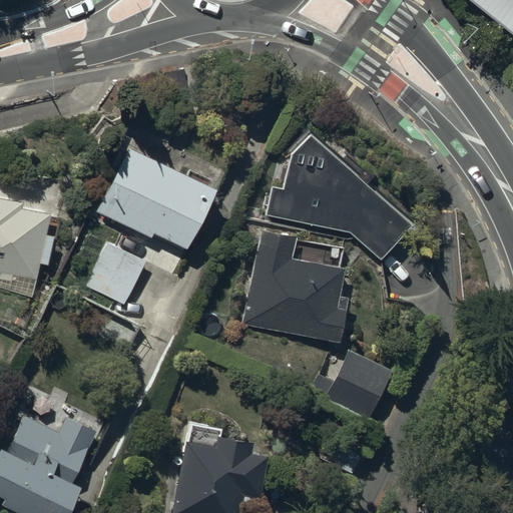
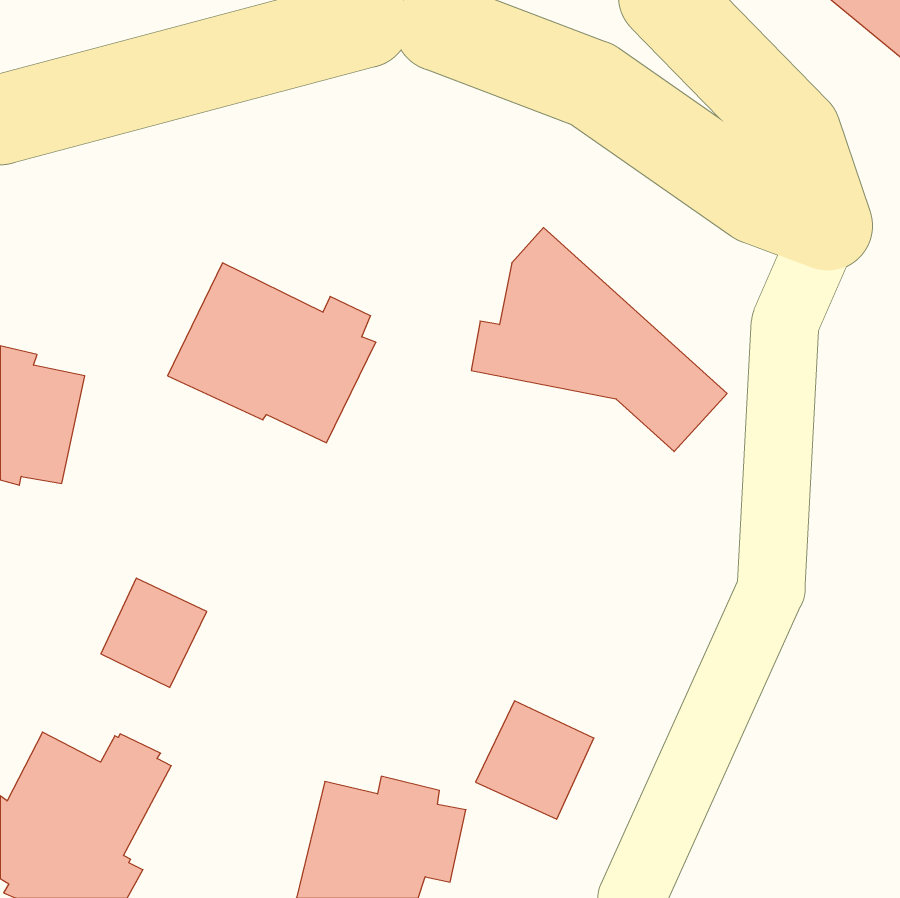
building: [240,233,342,342] -> none
building: [86,242,146,305] -> [101,578,207,687]
building: [324,351,391,418] -> [476,701,594,819]

